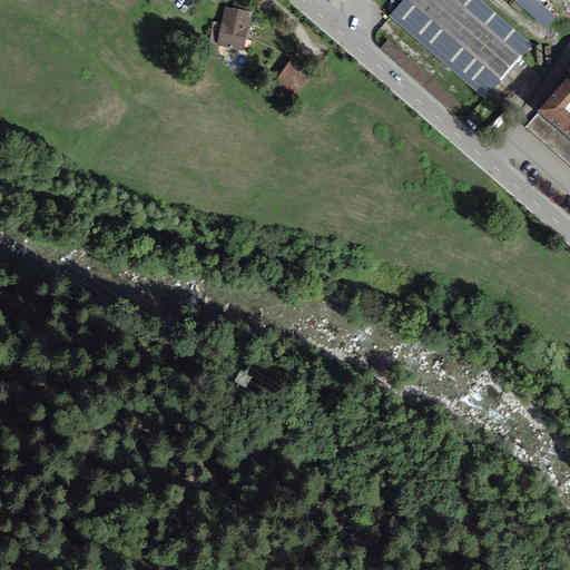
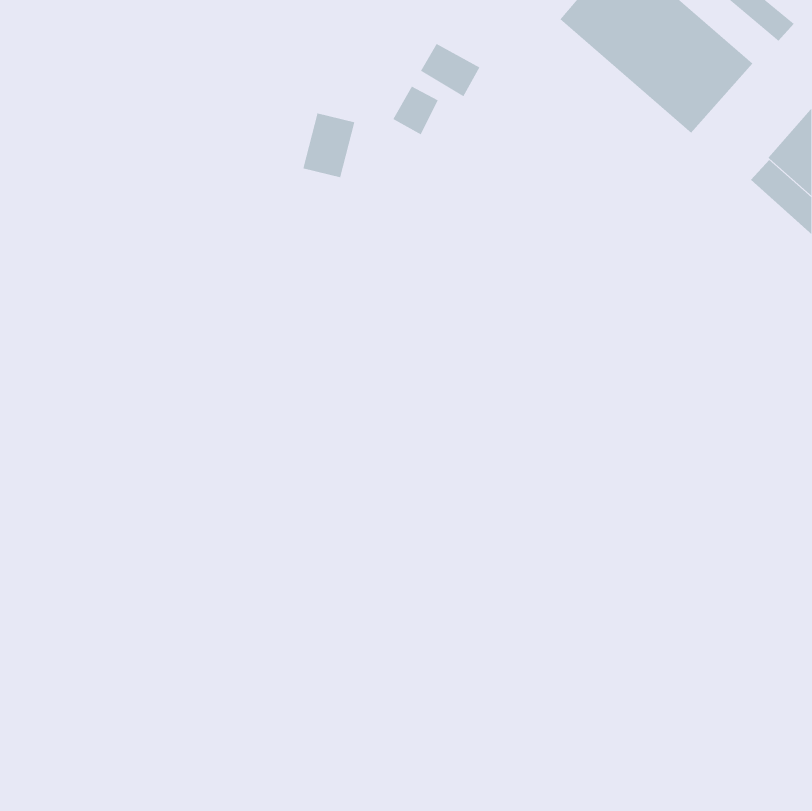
building: [216,7,253,52] -> [303,113,355,178]
building: none -> [420,43,480,97]

